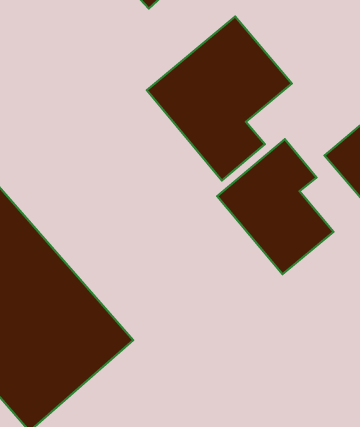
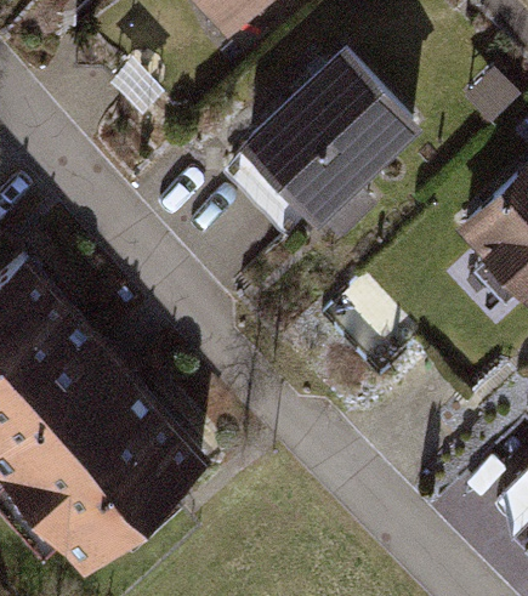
building: [217,139,333,274] -> none

